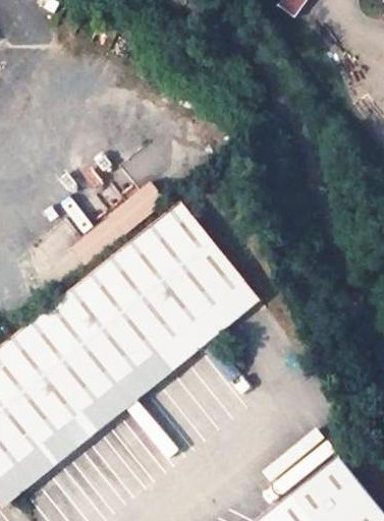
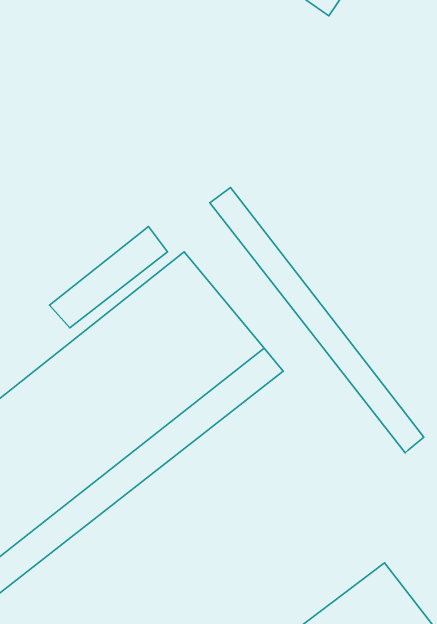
building: none -> [210,188,424,453]

